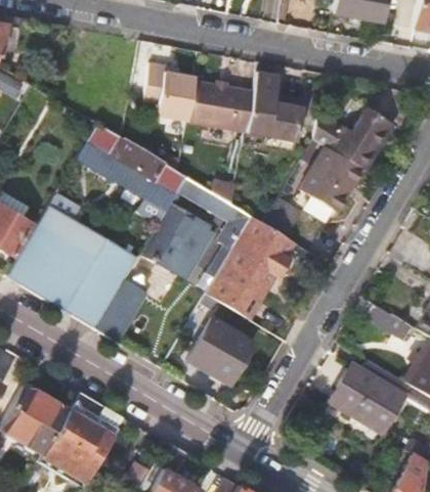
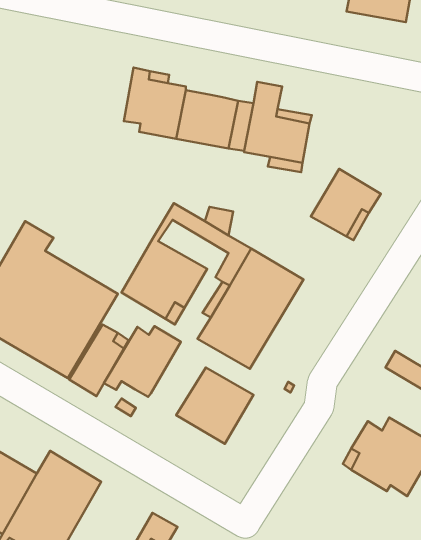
building: [314,109,392,171] -> none
building: [79,126,185,209] -> none
building: none -> [104,326,181,397]

